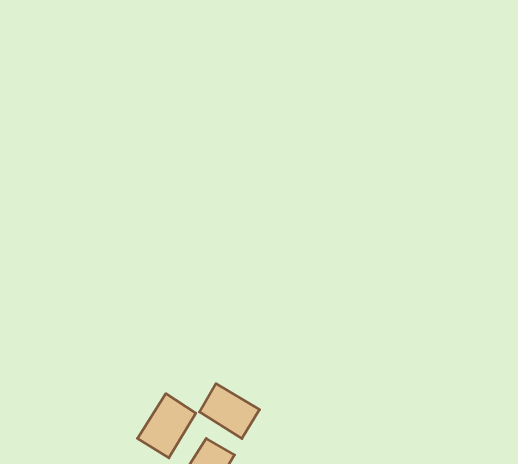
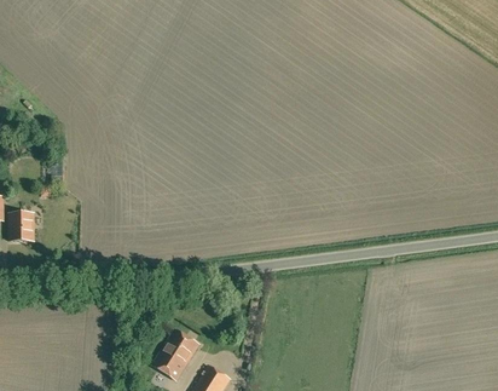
building: [199,384,260,439] -> none

